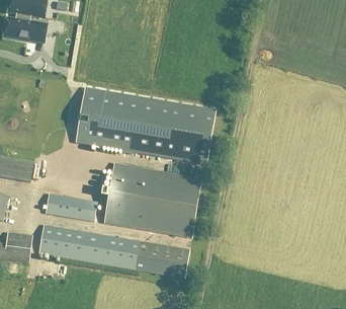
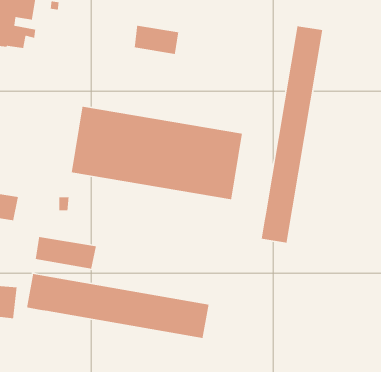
building: none -> [134,25,179,55]
building: none -> [261,25,323,243]
building: [103,162,201,238] -> none

